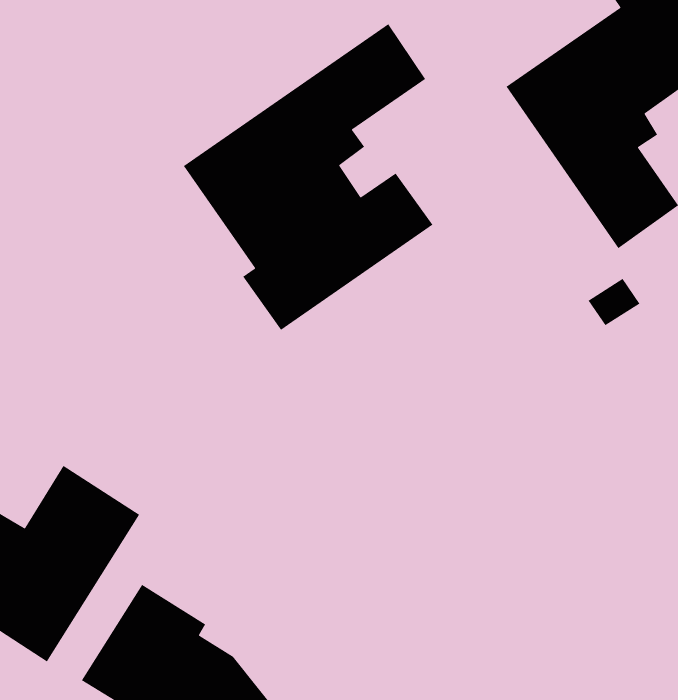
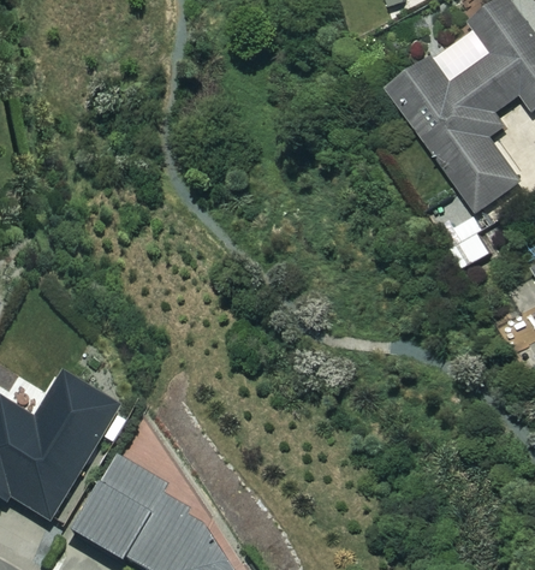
building: [183,23,433,331] -> none

